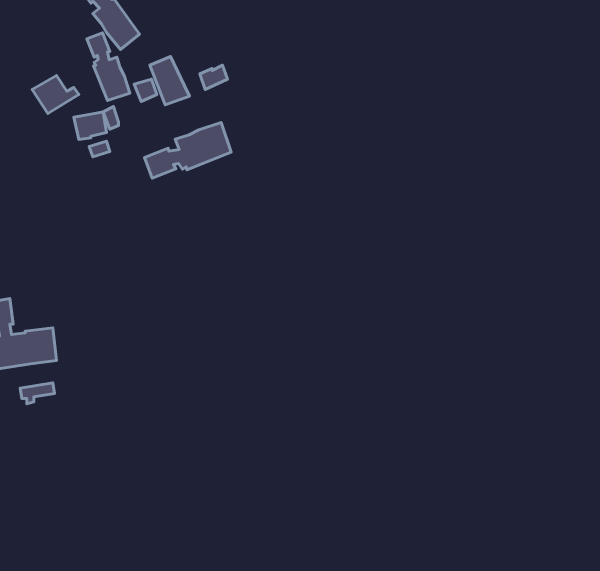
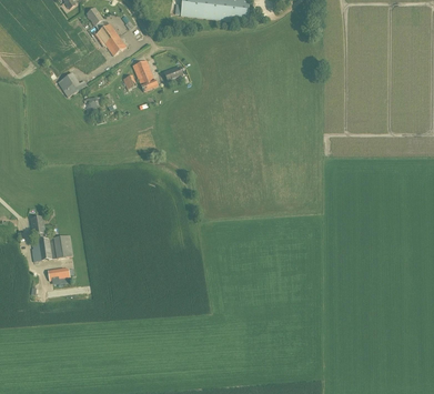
building: [87,33,130,101] -> none
building: [145,122,231,178] -> none

